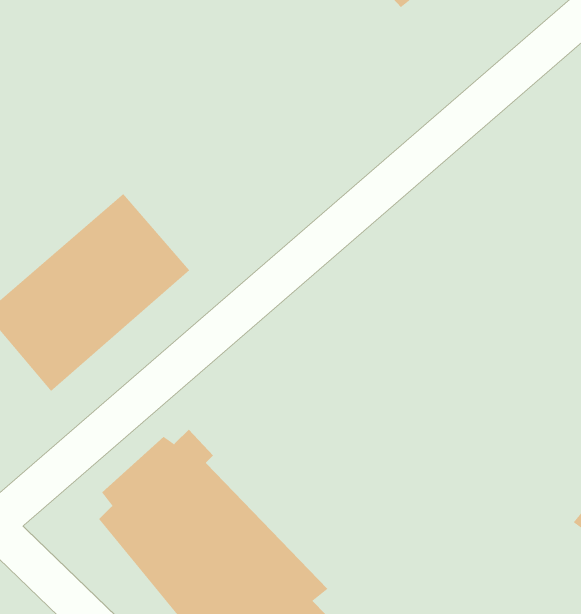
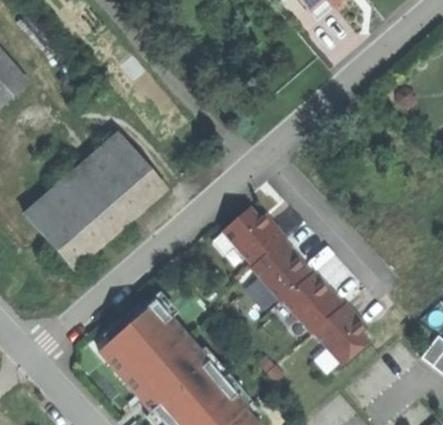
building: none -> [219,204,373,370]

